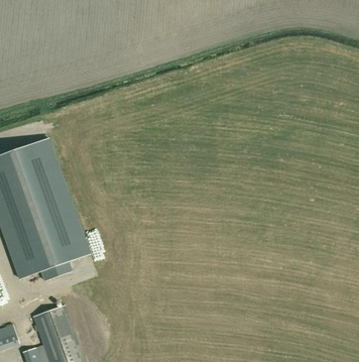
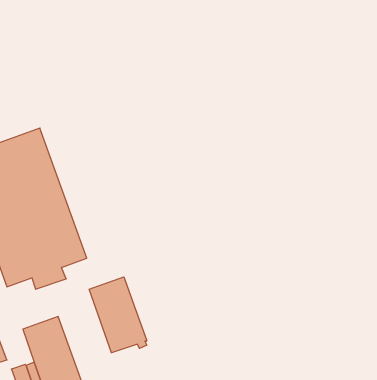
building: none -> [89,277,147,353]

